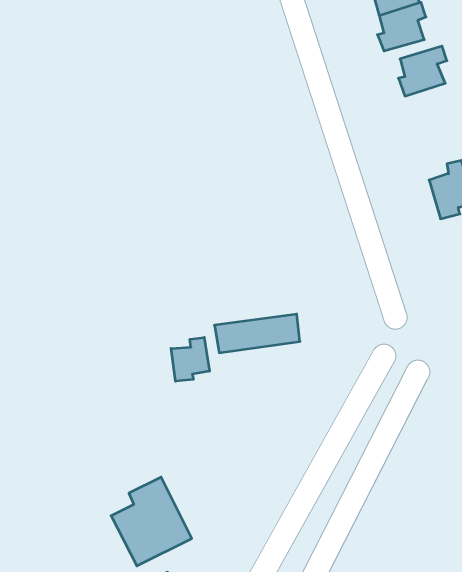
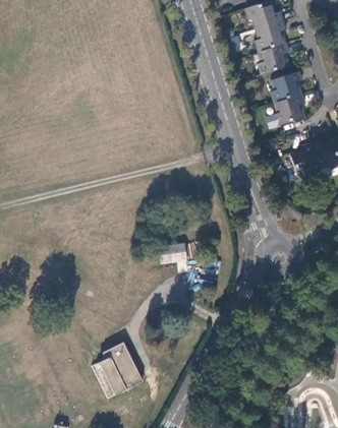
building: none -> [274,94,304,125]
building: [171,337,209,381] -> none

